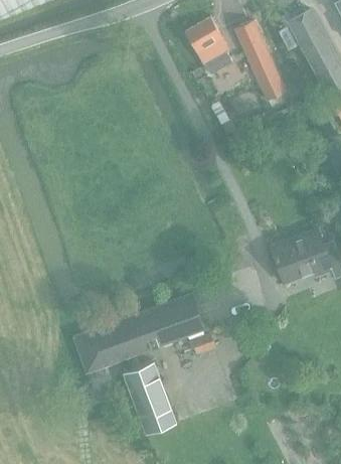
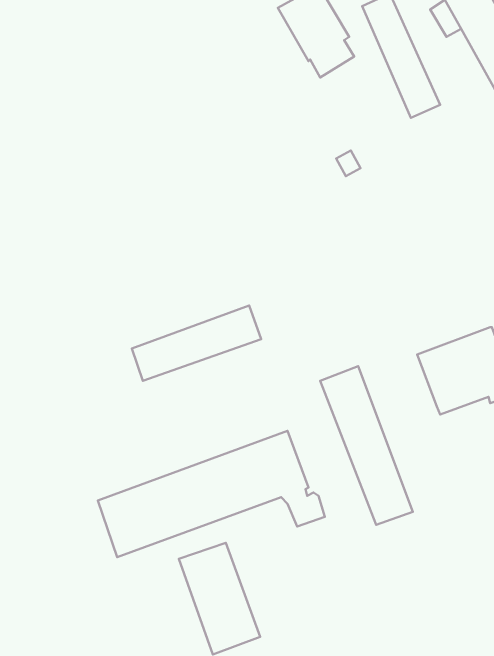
building: none -> [132,305,261,381]
building: none -> [320,366,413,525]

